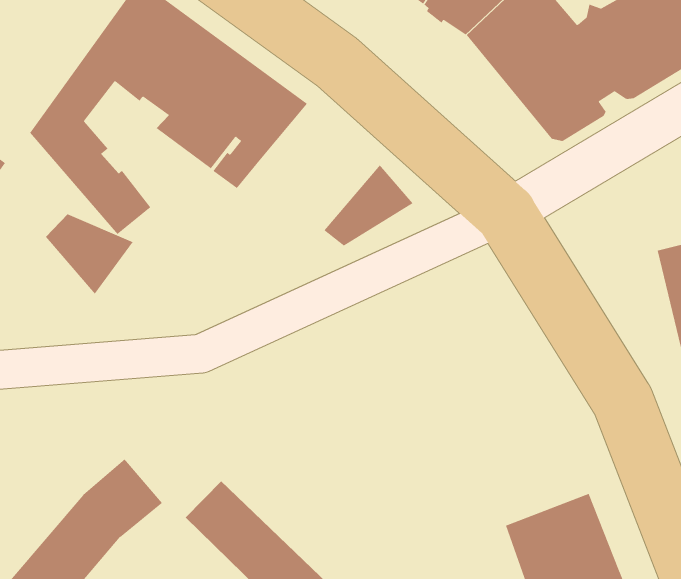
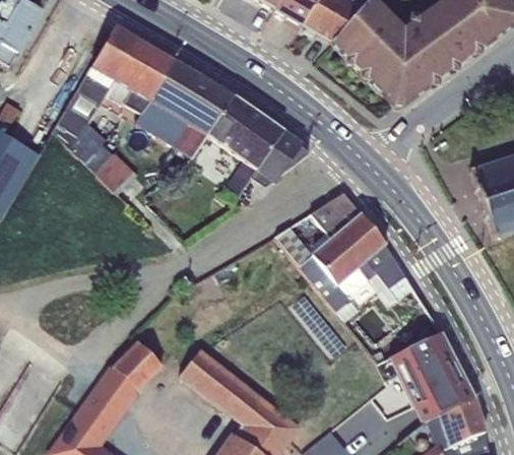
building: none -> [207,95,284,194]
building: [45,213,133,295] -> none
building: none -> [276,191,414,320]

